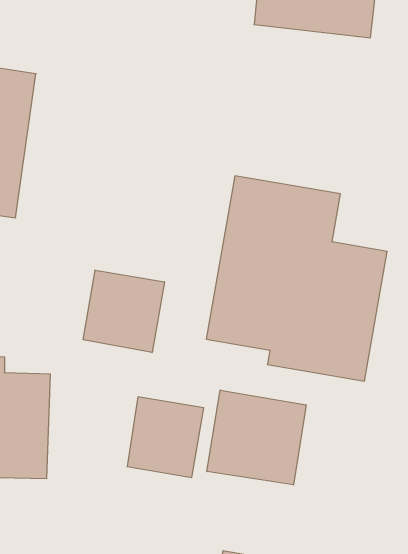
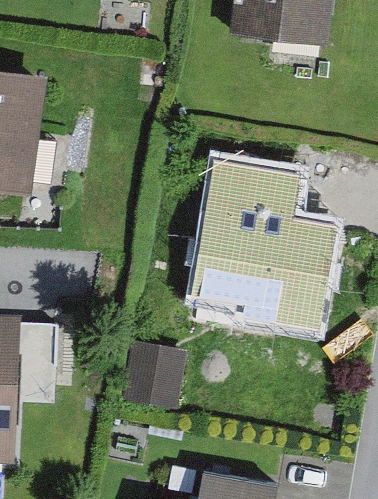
building: [83,270,165,353] -> none
building: [207,390,306,485] -> none

